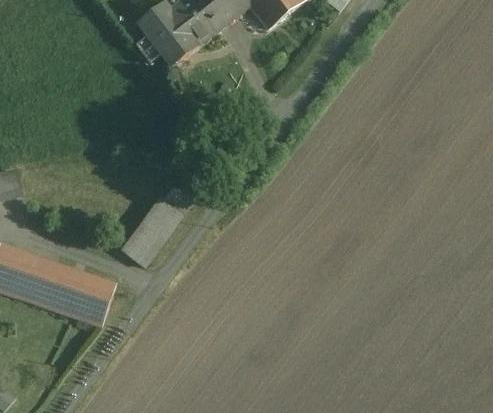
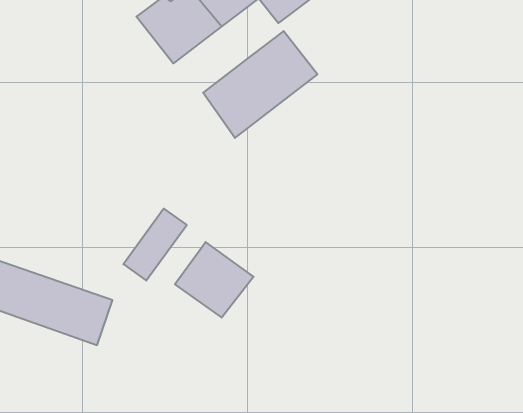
building: none -> [203,31,317,138]
building: none -> [175,242,254,318]

